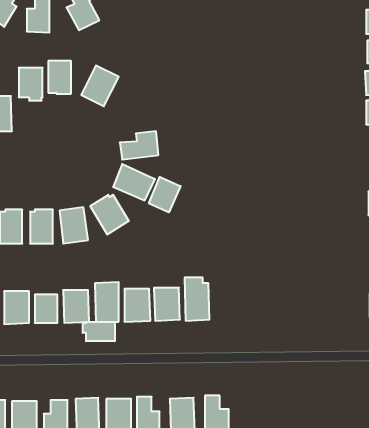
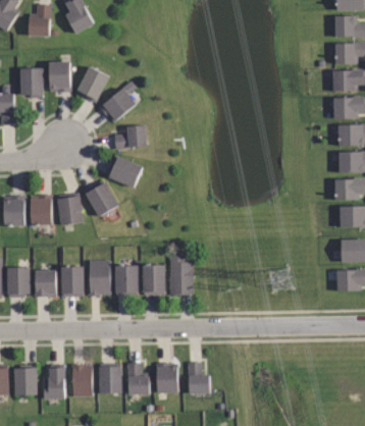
building: none -> [99,79,137,121]
building: [149,177,181,212] -> none
building: [83,322,115,341] -> none

